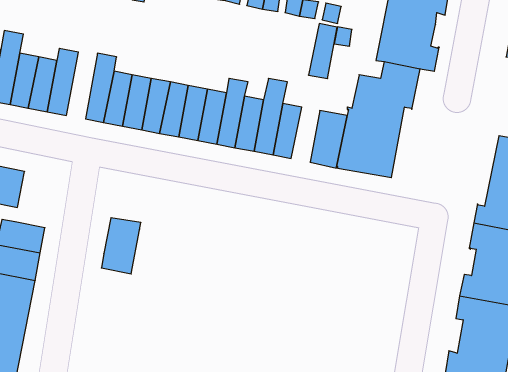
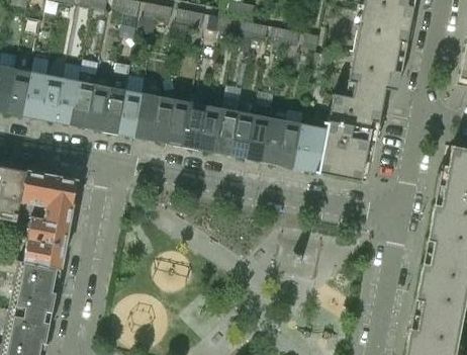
building: [308,24,337,79] -> [277,121,301,168]
building: none -> [87,73,113,131]
building: [101,218,141,274] -> [43,176,77,224]

